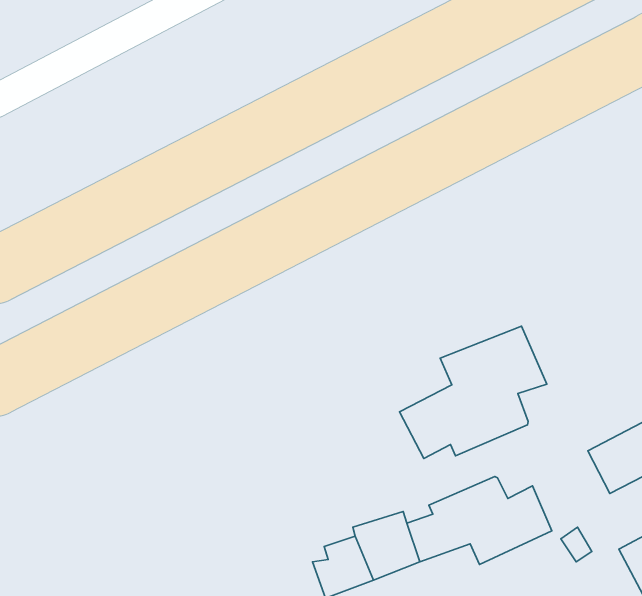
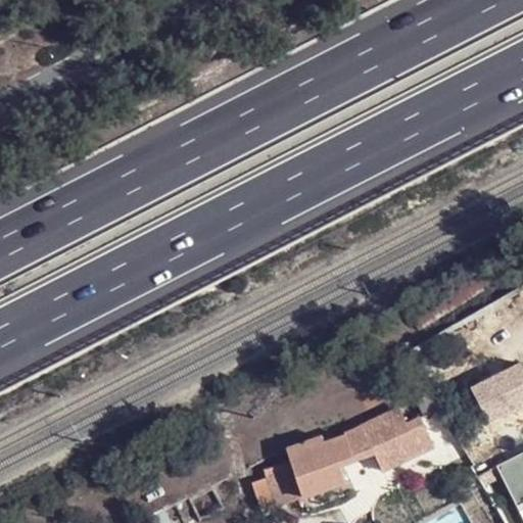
building: [400,326,547,458] -> none

